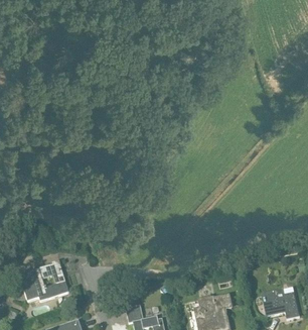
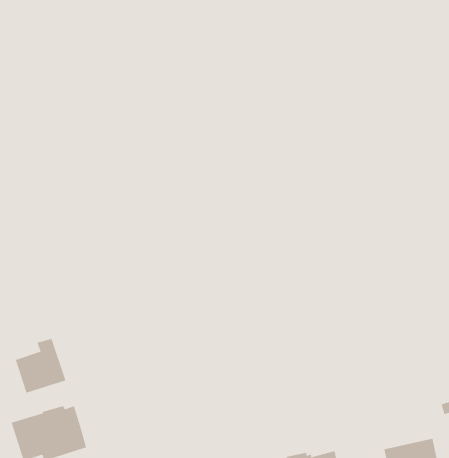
building: none -> [15,338,66,394]

